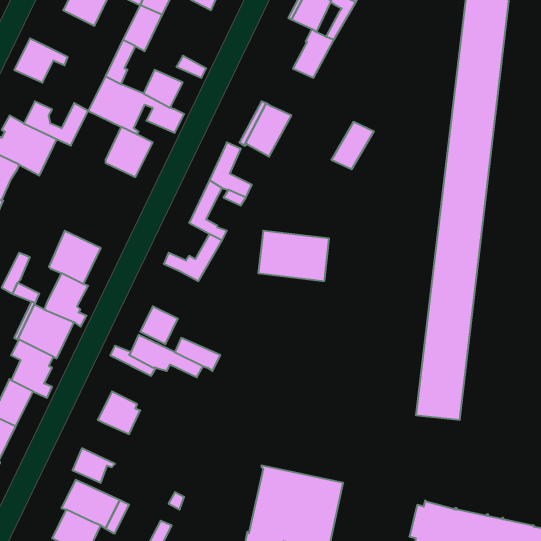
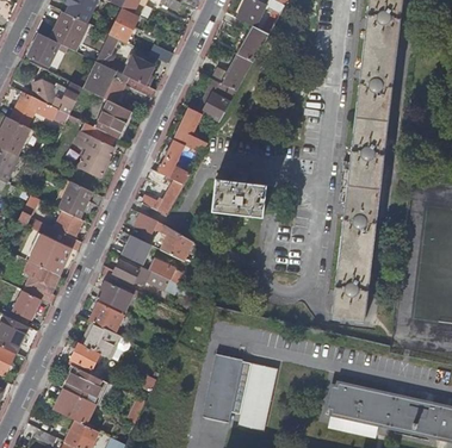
building: none -> [50,11,87,50]
building: [331,122,374,169] -> [221,55,253,91]
building: none -> [74,120,116,176]
building: none -> [134,212,193,260]
building: none -> [95,280,132,311]
building: none -> [80,323,119,356]

